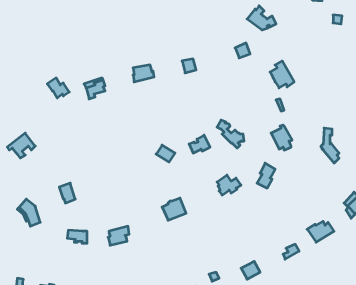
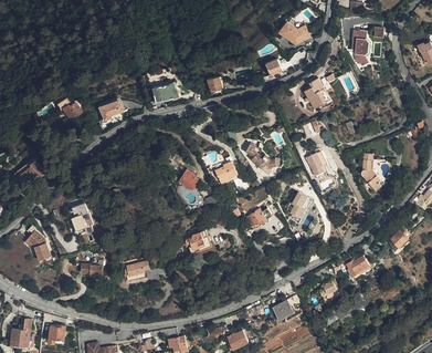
building: none -> [351,31,368,66]

